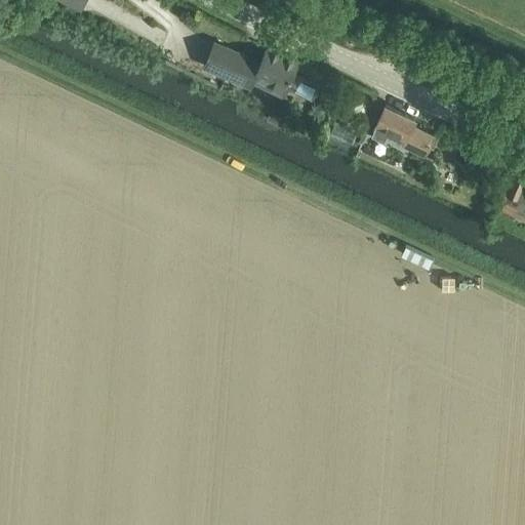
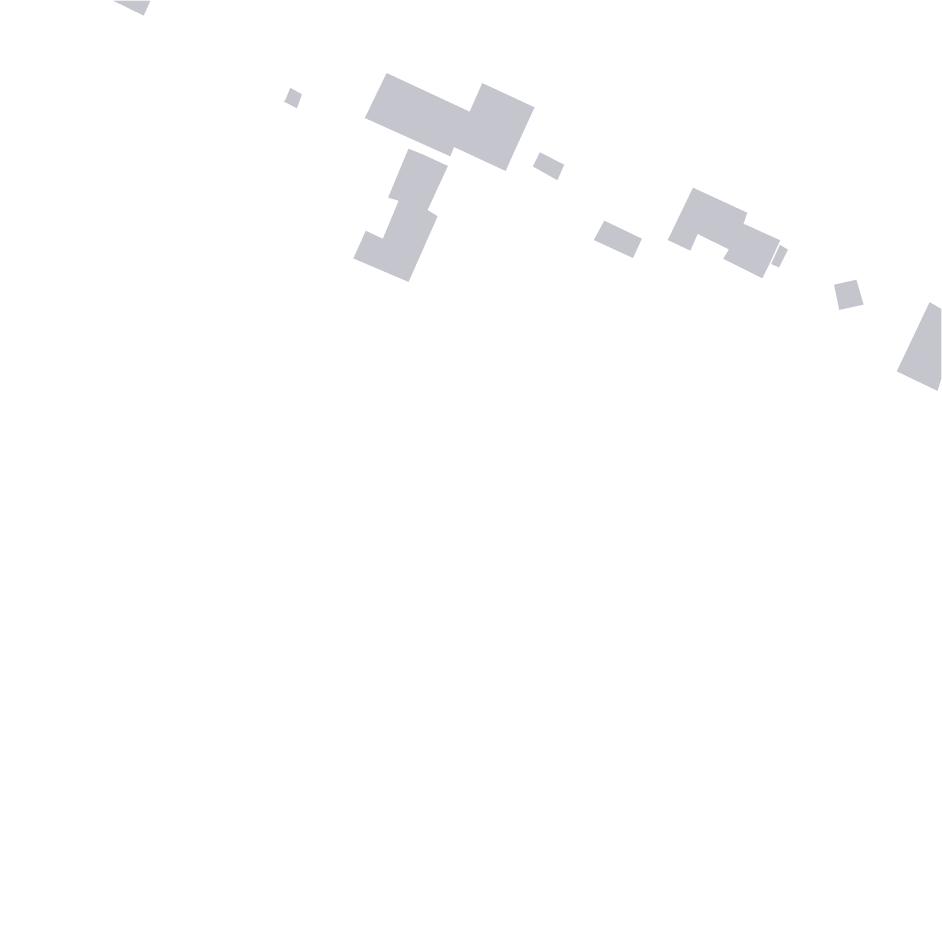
building: none -> [352,148,449,283]

